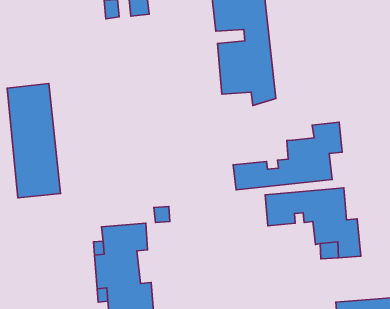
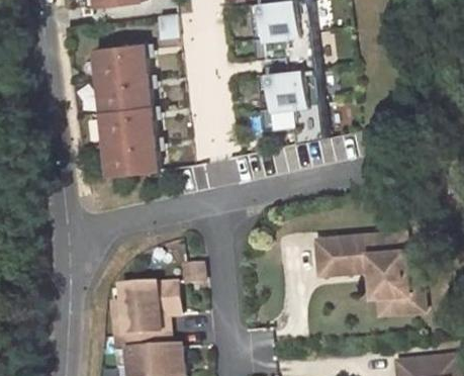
building: [7,84,60,198] -> [97,43,158,174]
building: [233,122,342,190] -> none

